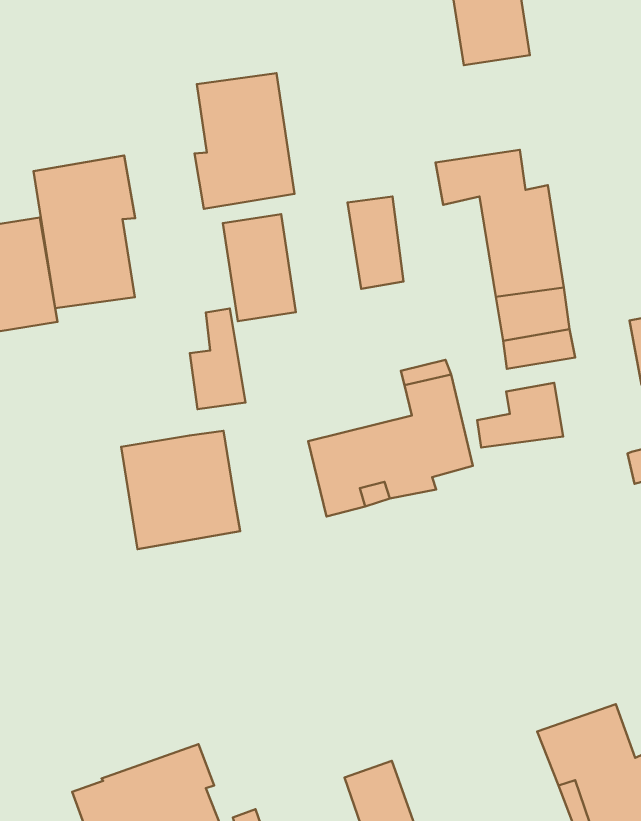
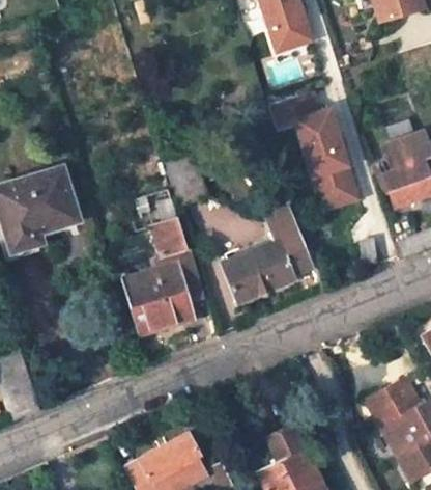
building: [194,73,295,209] -> none
building: [34,155,135,308] -> none
building: [347,196,404,289] -> none
building: [477,383,563,447] -> none
building: none -> [155,246,205,300]

